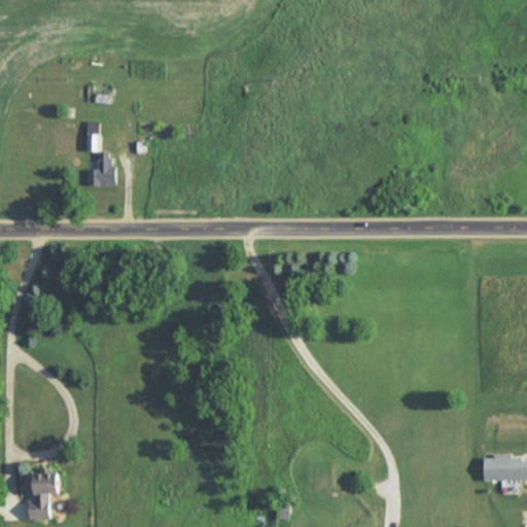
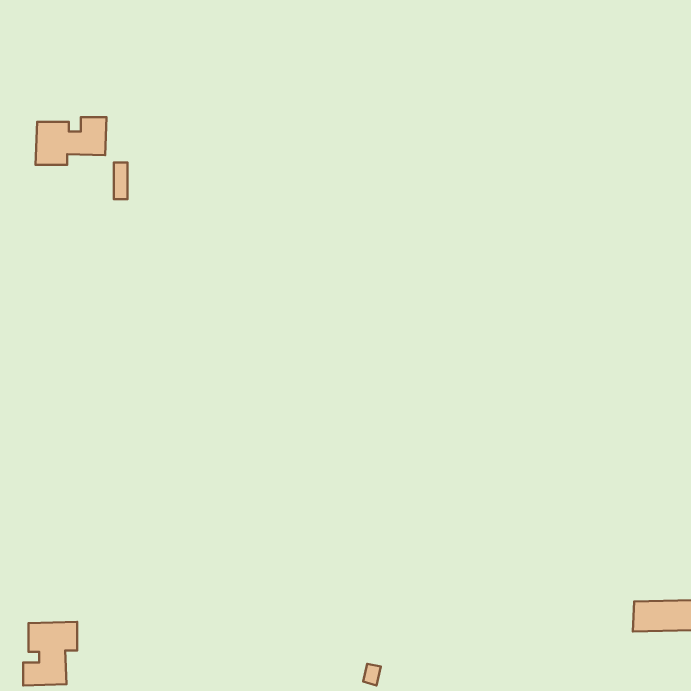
building: none -> [36,117,107,165]
building: [87,153,116,185] -> none

